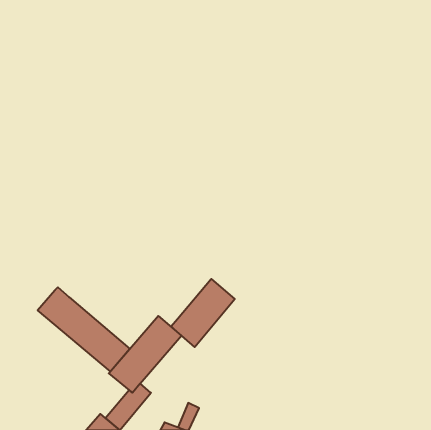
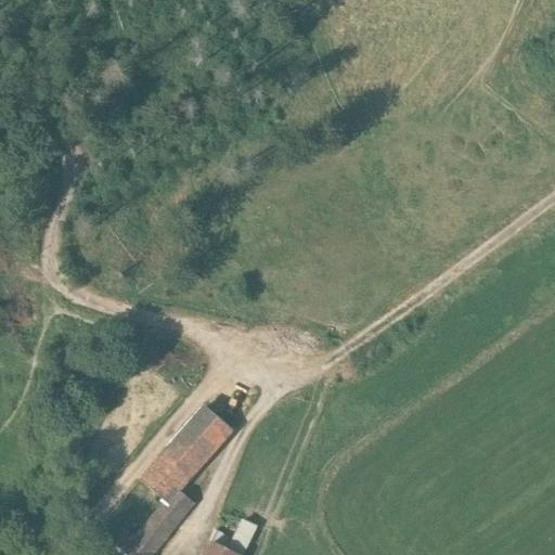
building: [171,279,235,347] -> none
building: [38,287,130,371] -> none

